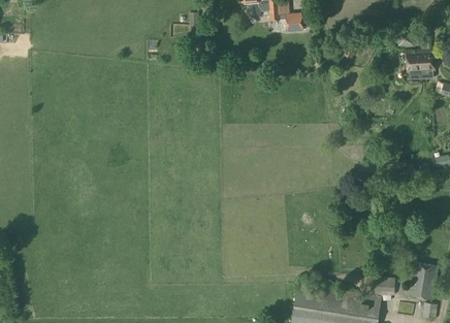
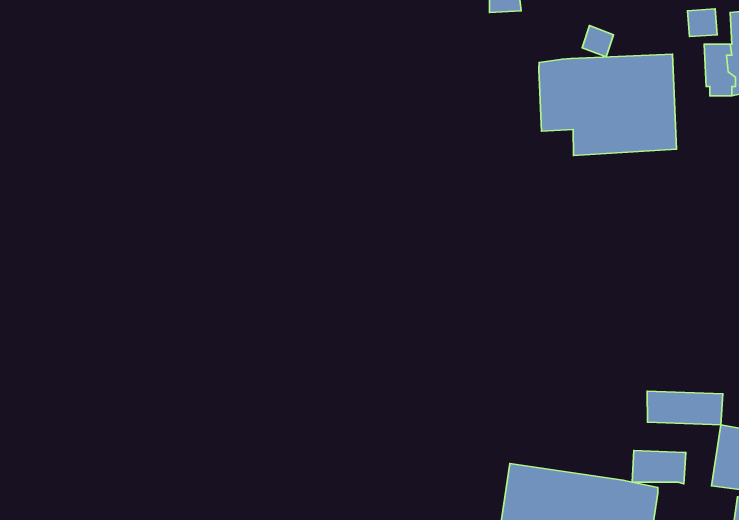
building: none -> [539,54,677,155]
building: none -> [647,391,723,425]

